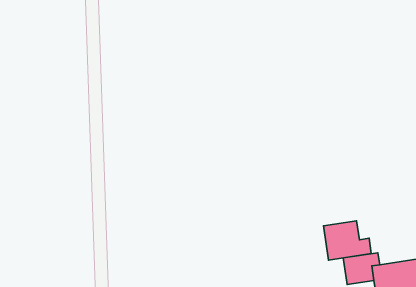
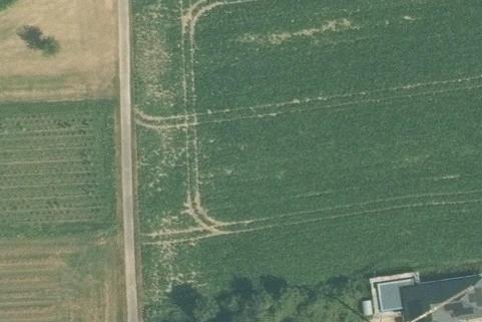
building: [323,221,371,260] -> none

